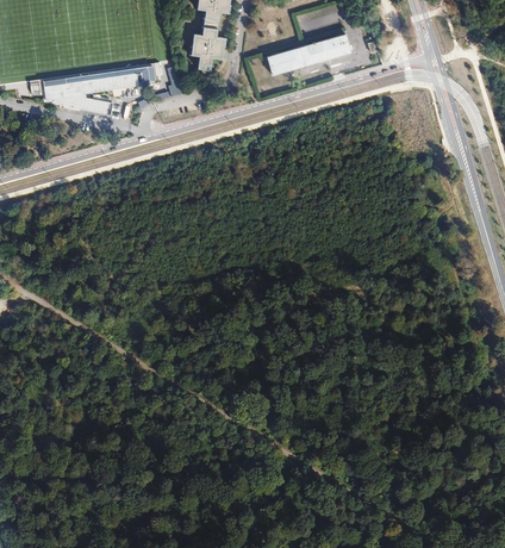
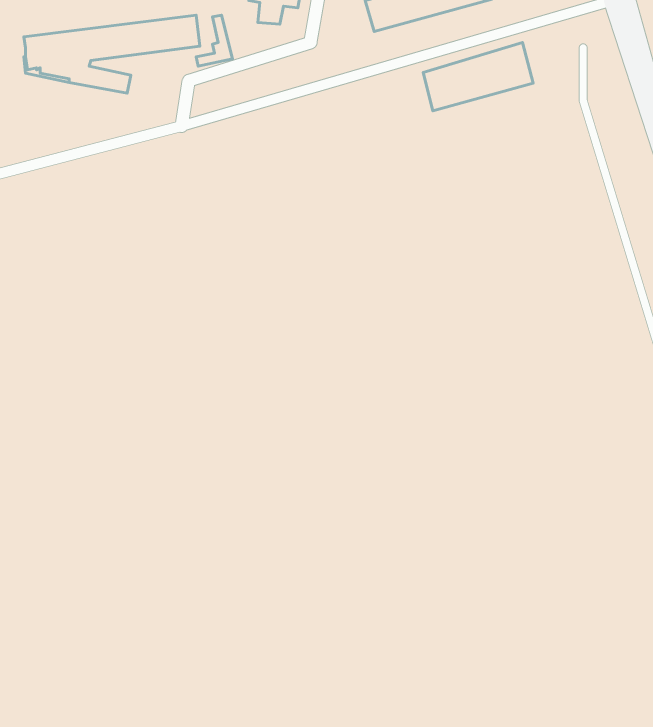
building: none -> [423,43,533,111]

